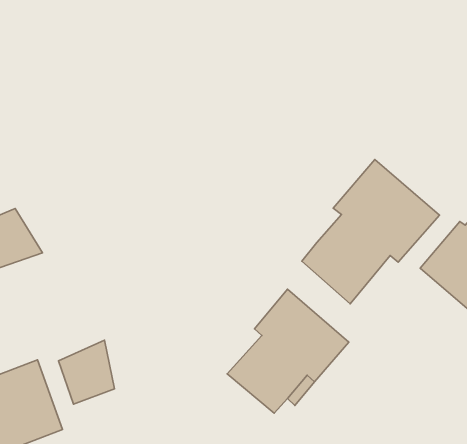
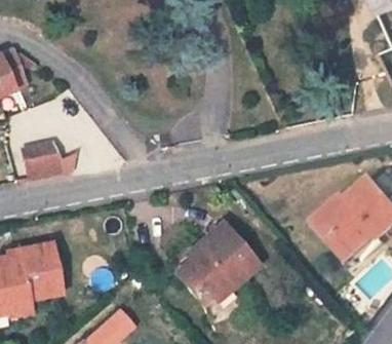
building: [302,160,440,304] -> none
building: [59,340,114,404] -> none

